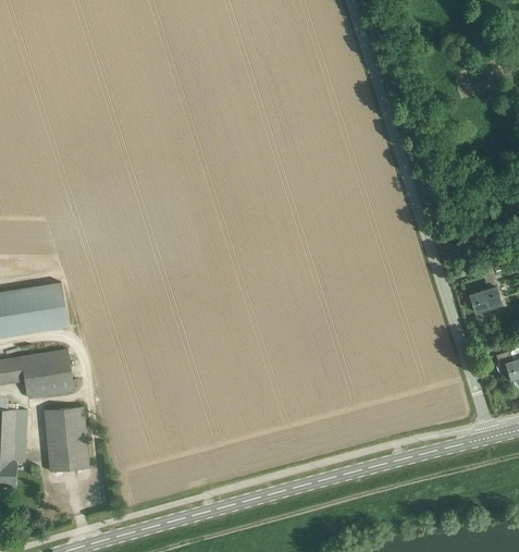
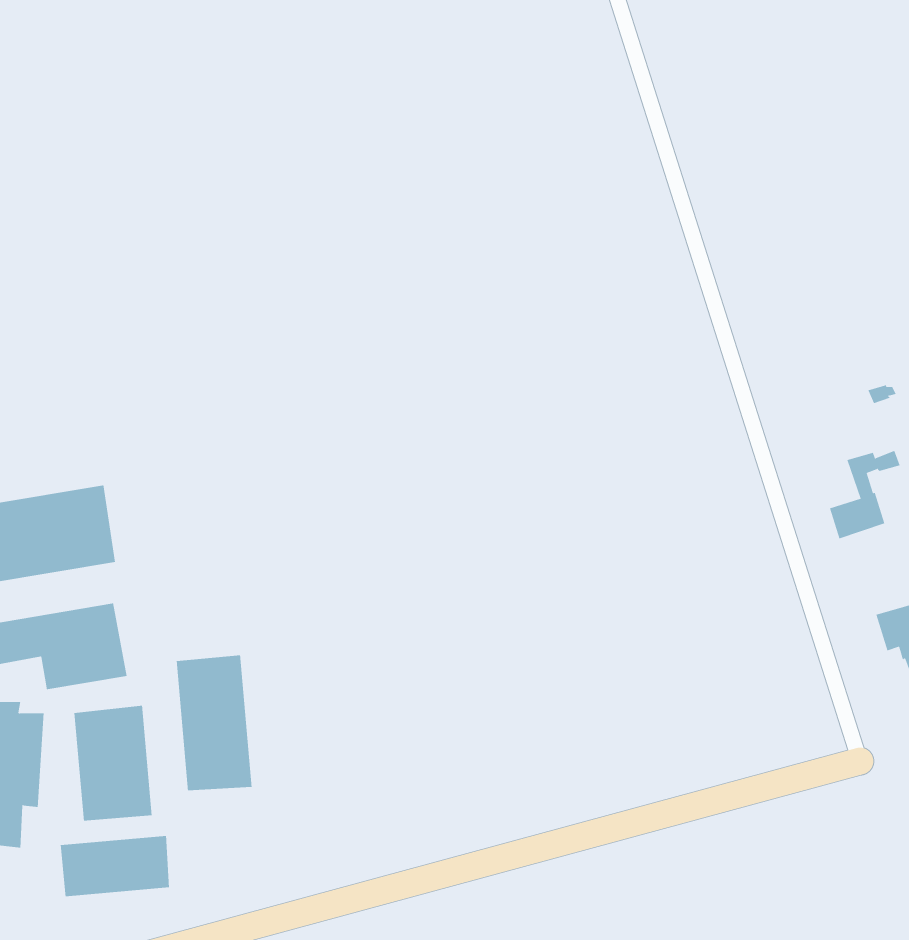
building: none -> [176,655,252,791]
building: none -> [60,835,170,897]

